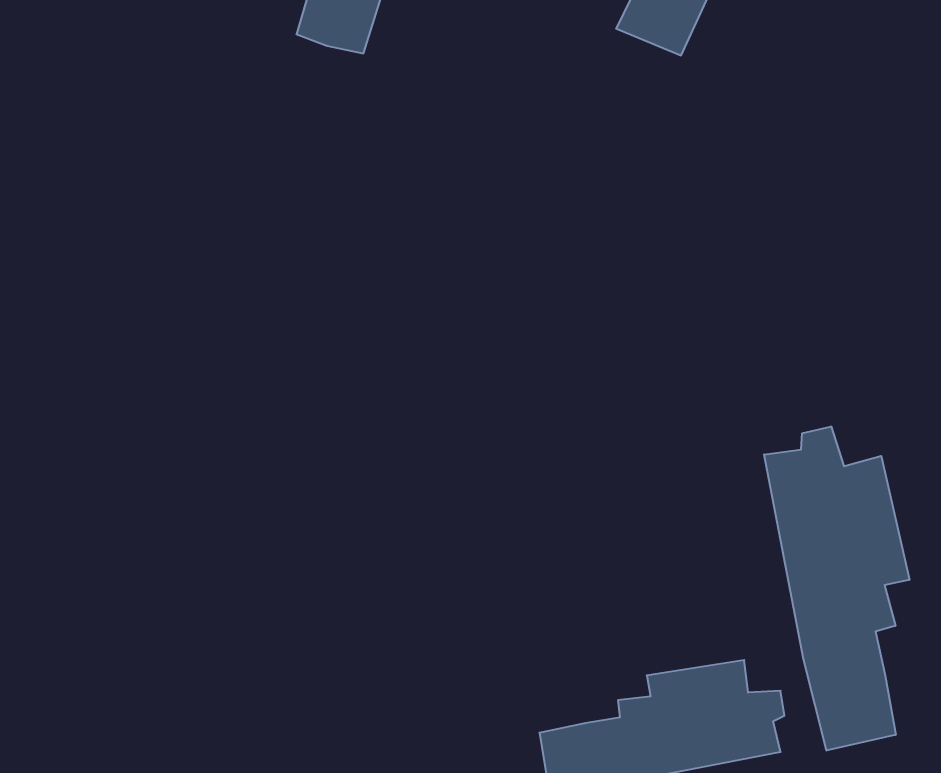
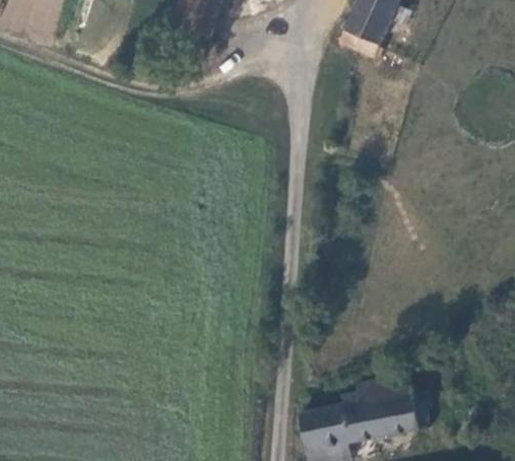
building: [764,426,909,751] -> none

